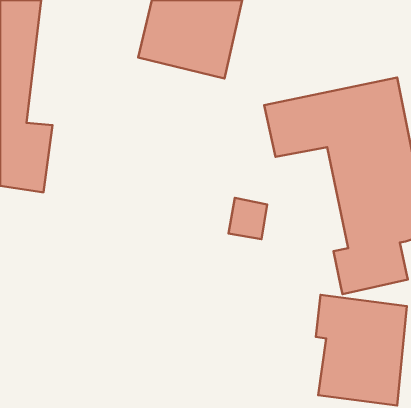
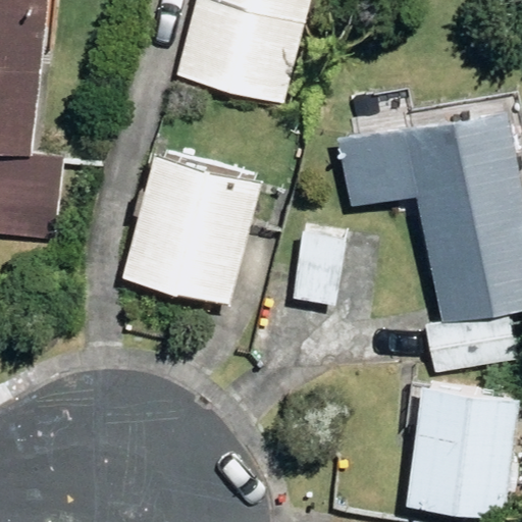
building: none -> [117,149,258,305]

